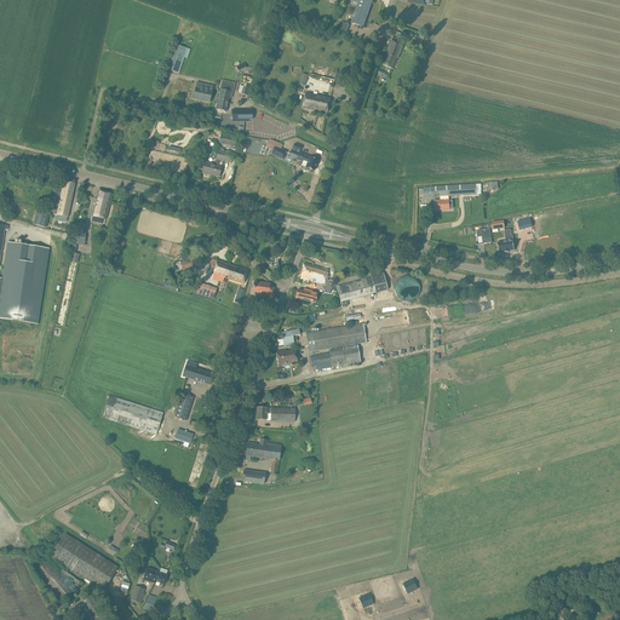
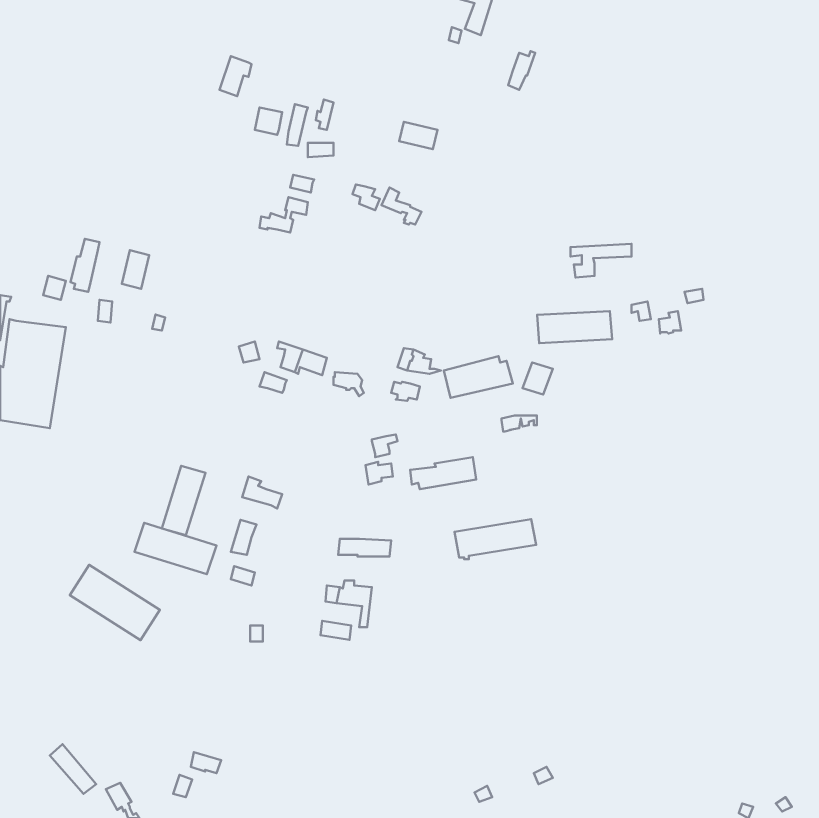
building: none -> [537,311,612,343]
building: [305,322,367,352] -> [454,519,536,559]
building: none -> [162,466,205,535]
building: [50,533,117,590] -> [70,565,160,640]

